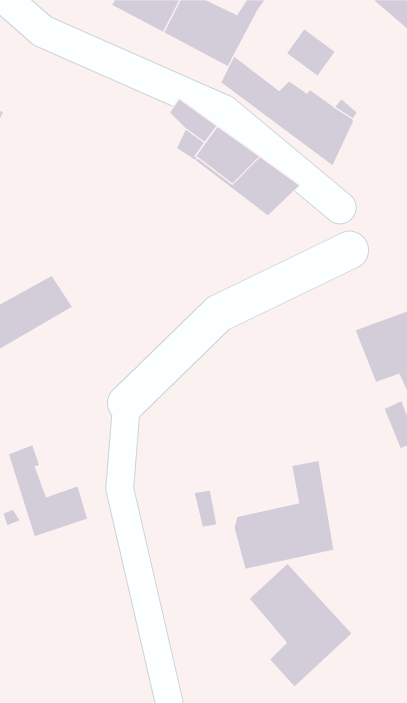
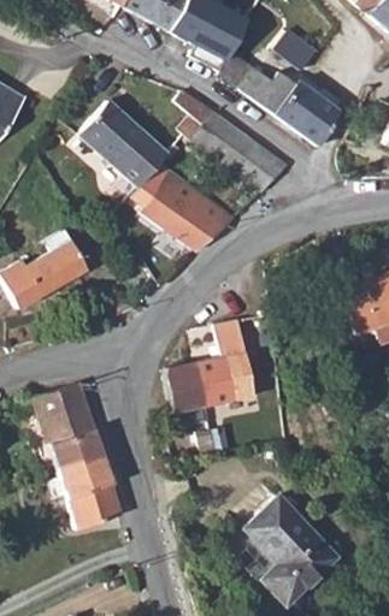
building: none -> [82,99,170,186]
building: none -> [142,182,224,250]
building: none -> [55,380,95,434]
building: [234,460,334,569] -> [164,316,252,411]
building: none -> [57,454,122,531]

